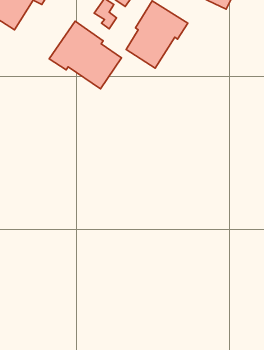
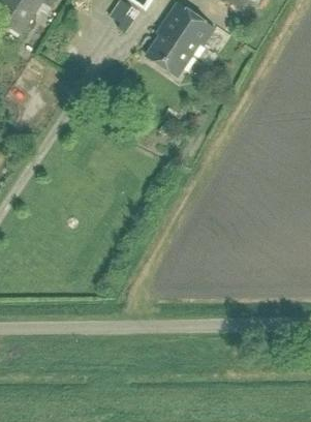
building: [49,21,121,89] -> none

